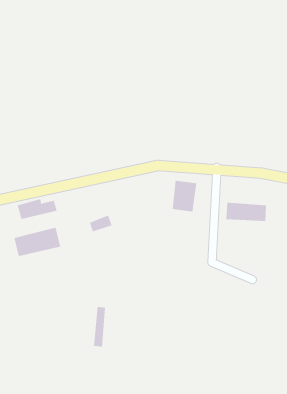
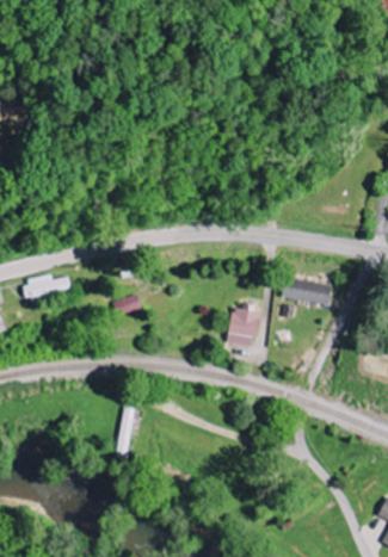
building: [172,180,197,212] -> [229,307,260,346]
building: [14,227,61,257] -> none

